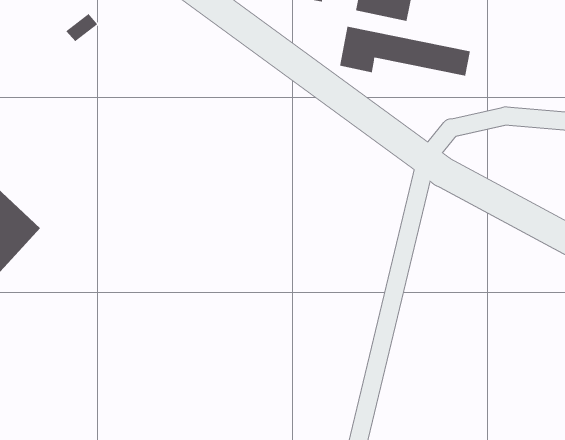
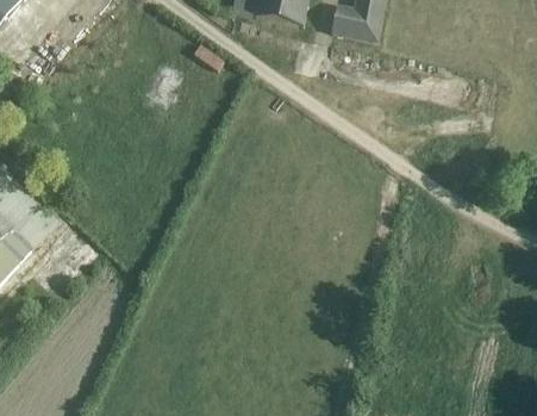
building: [339,26,470,76] -> none

